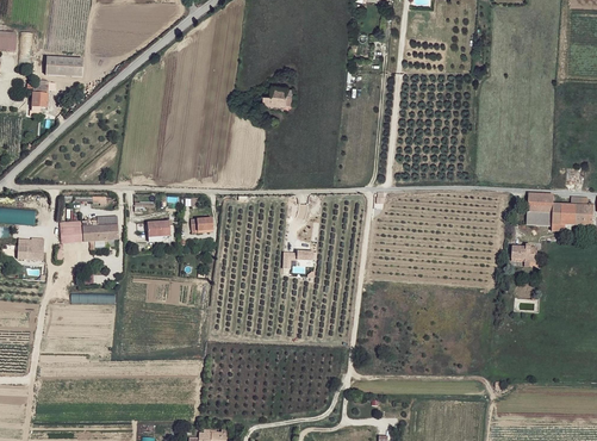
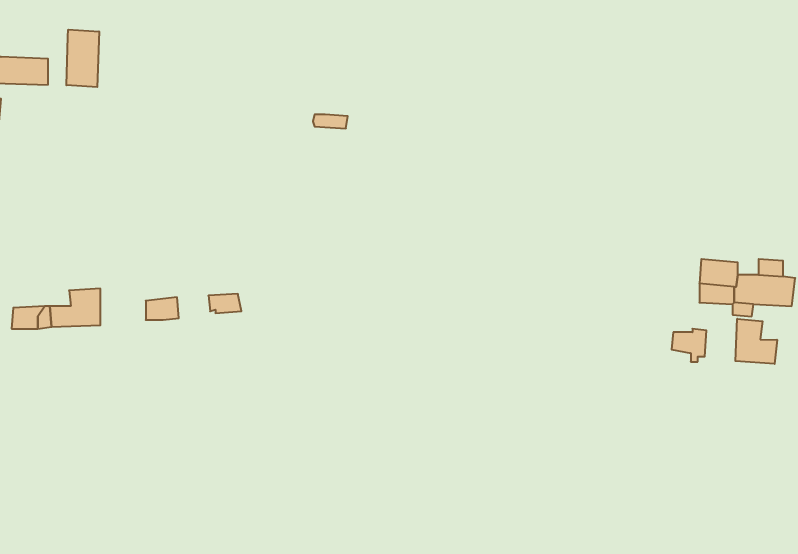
building: none -> [66,30,99,87]
building: none -> [735,319,777,364]

